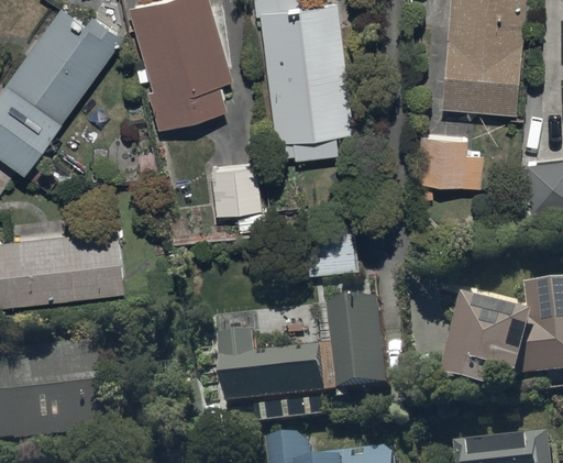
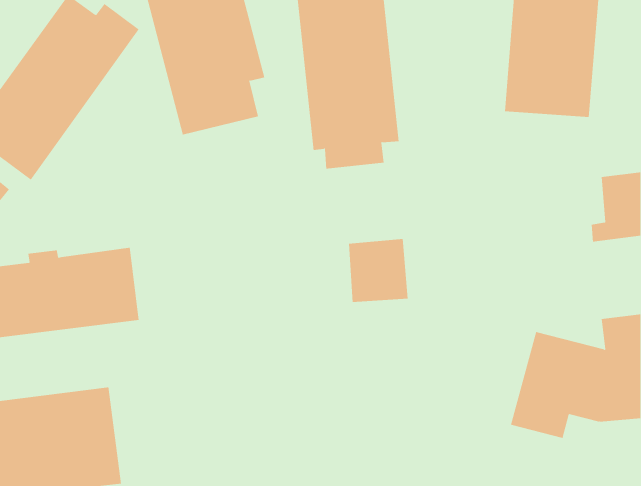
building: [416,137,484,190] -> none
building: [211,168,263,238] -> none
building: [329,304,389,396] -> none
building: [220,338,327,412] -> none

